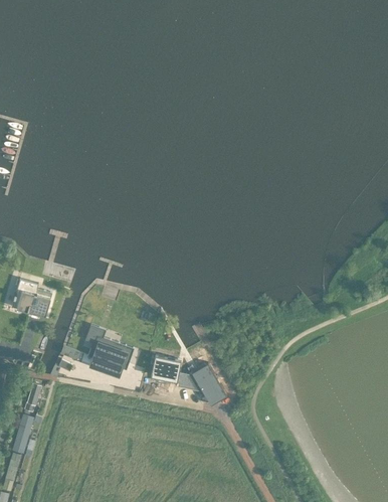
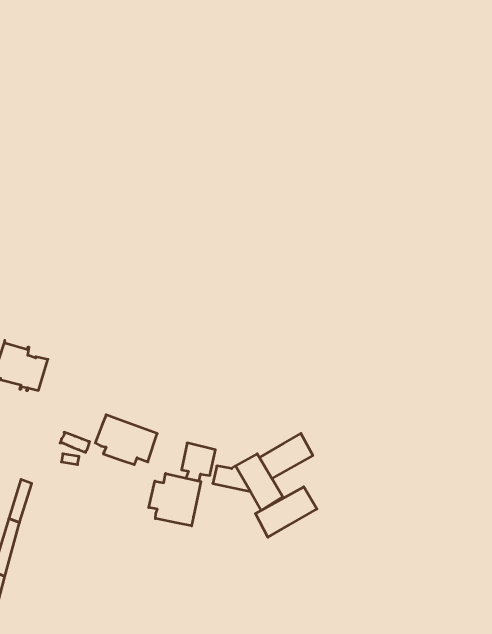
building: none -> [259,433,313,478]
building: none -> [149,473,201,526]
building: none -> [255,487,317,537]

